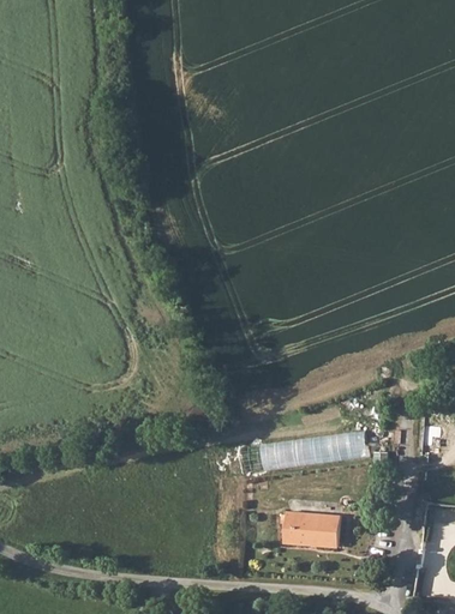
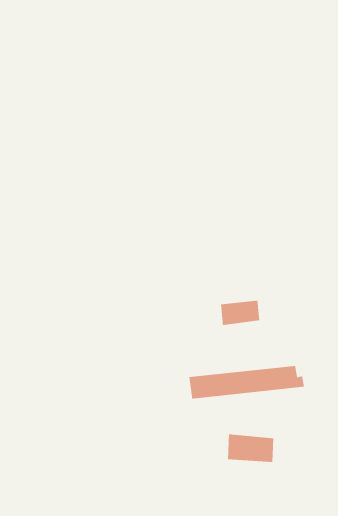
building: none -> [221,300,260,326]

